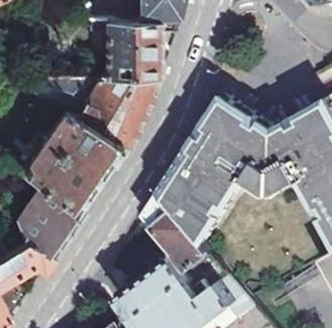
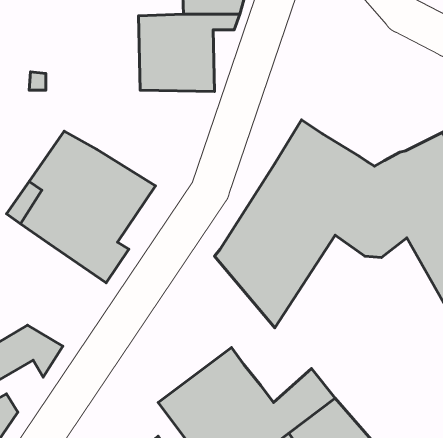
building: [72,75,156,148] -> none
building: [12,185,79,258] -> none
building: [138,194,226,299] -> none

